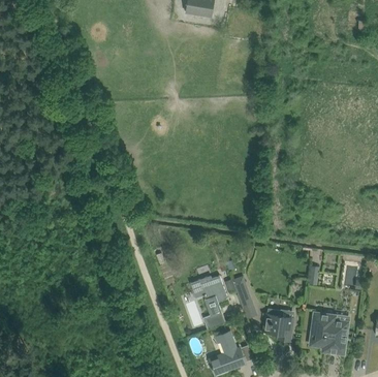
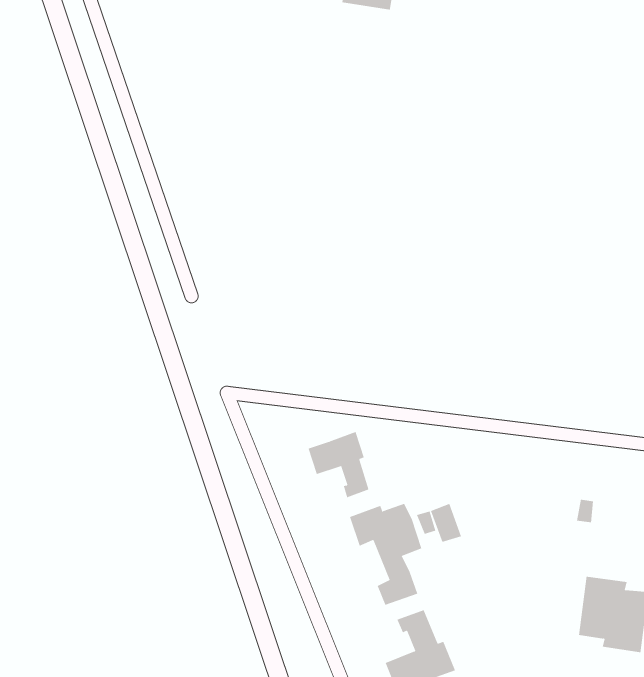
building: none -> [308,431,369,498]
building: [262,308,293,341] -> none

